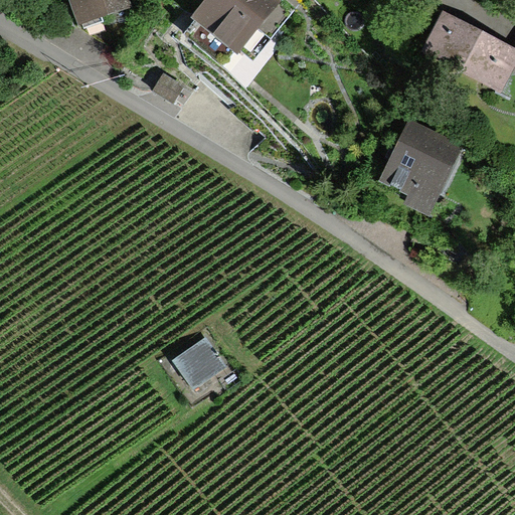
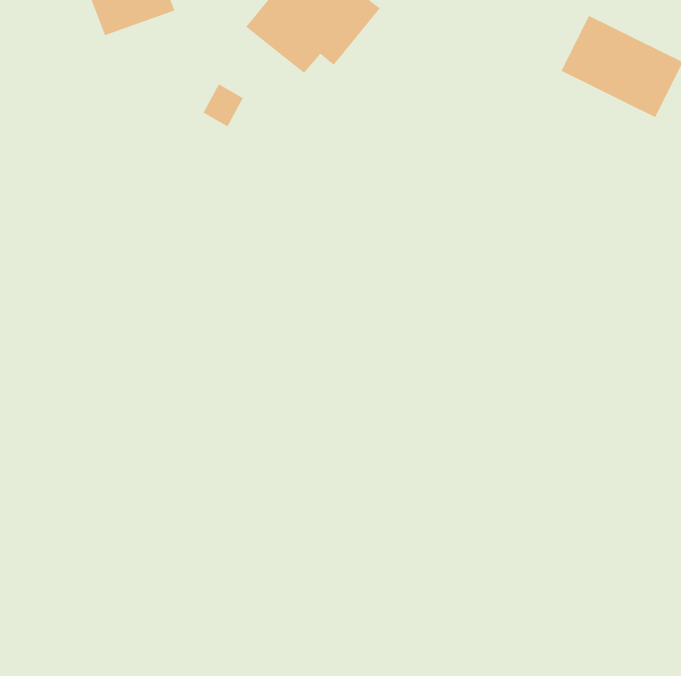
building: [379,123,458,204] -> none
building: [175,339,221,384] -> none

